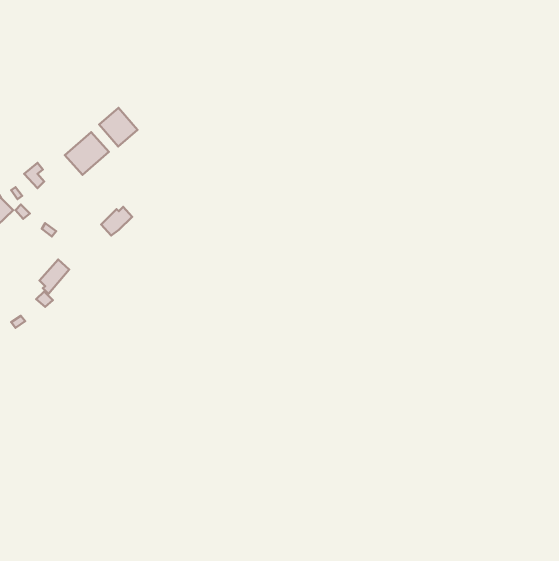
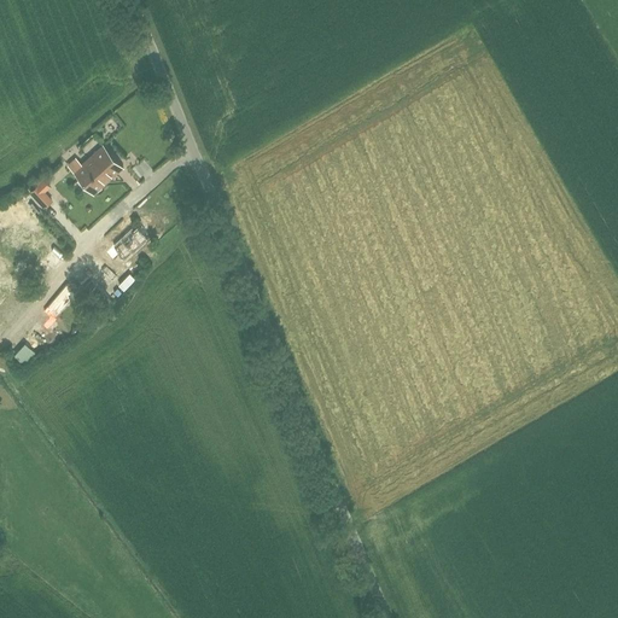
building: [99,108,138,146] -> none

